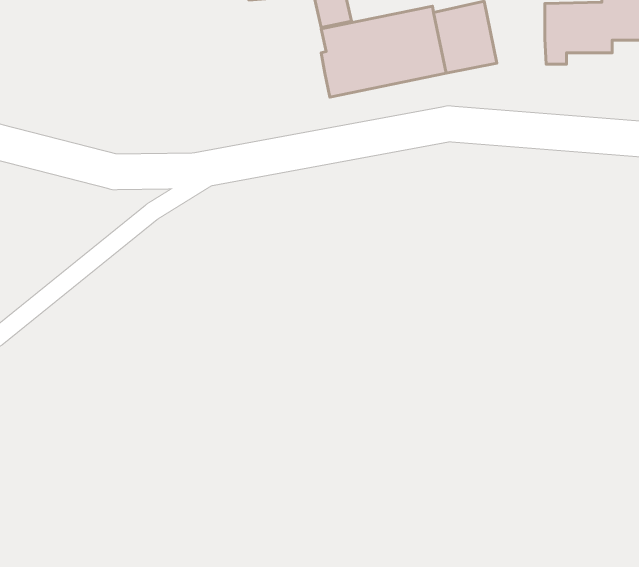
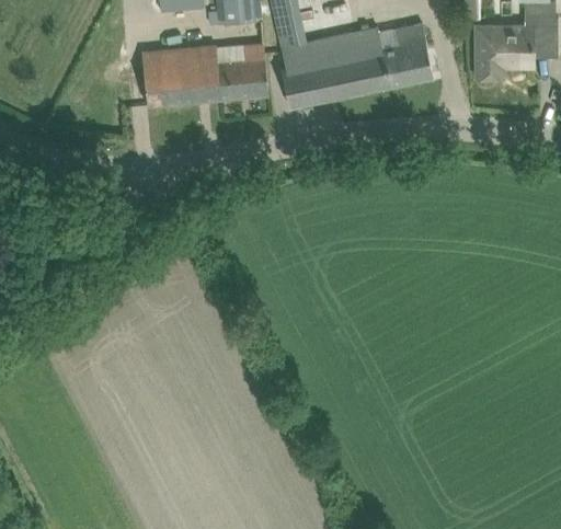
building: none -> [141,45,267,105]

